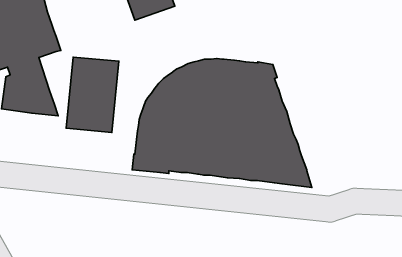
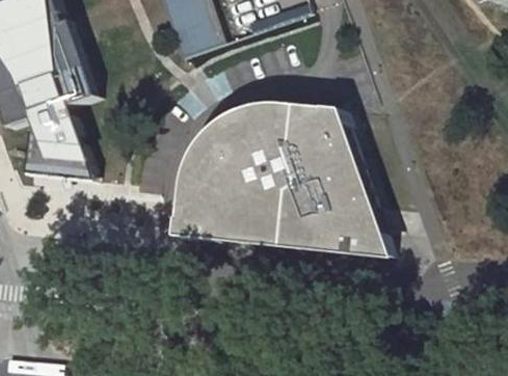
building: [66,57,119,132] -> none

